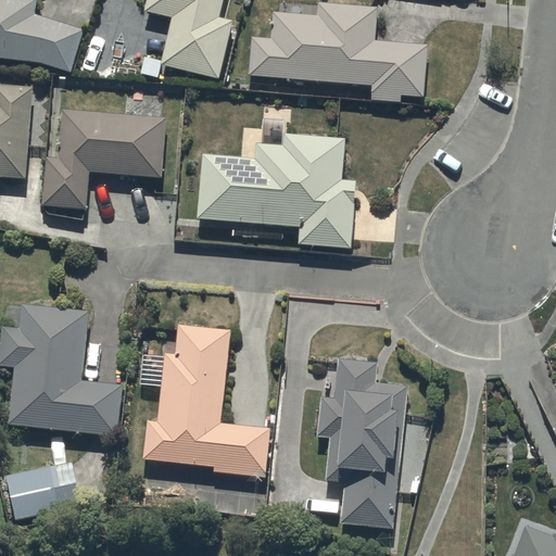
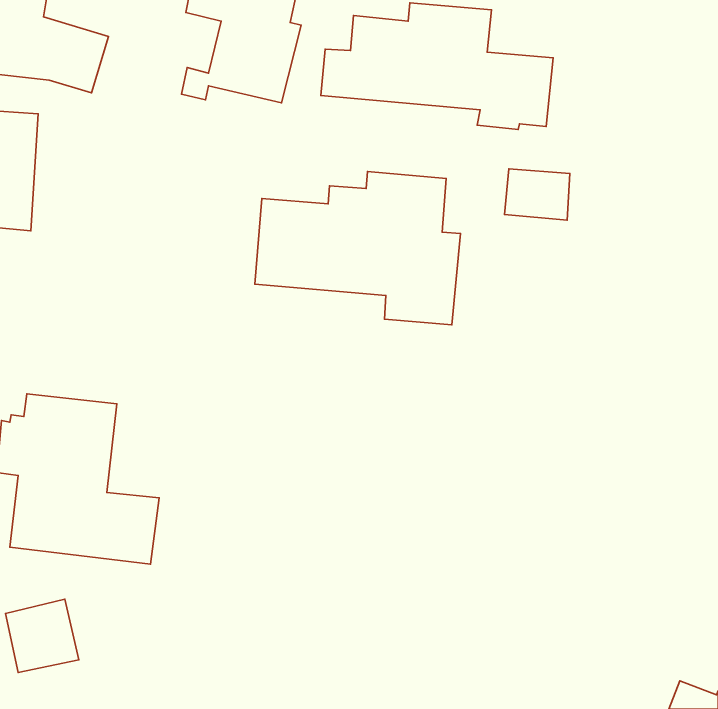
building: [41,109,166,208] -> none
building: none -> [504,169,570,220]
building: [142,325,270,478] -> none
building: [315,358,405,529] -> none

